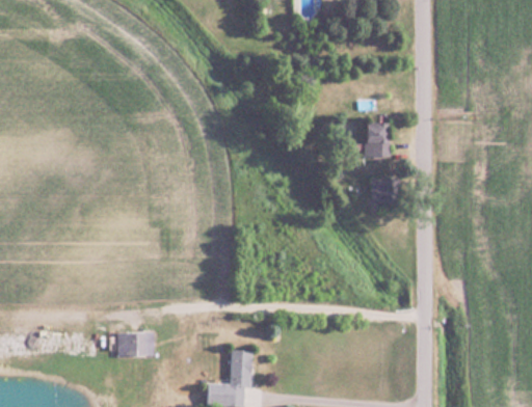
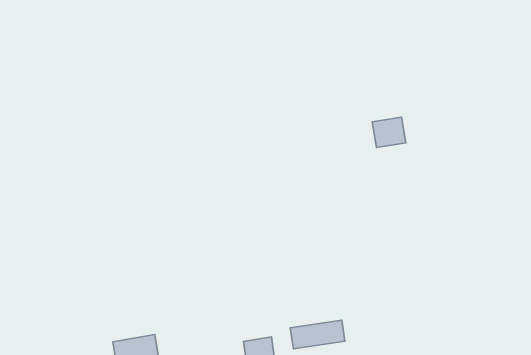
building: [365,125,390,158] -> none
building: none -> [290,320,345,349]

